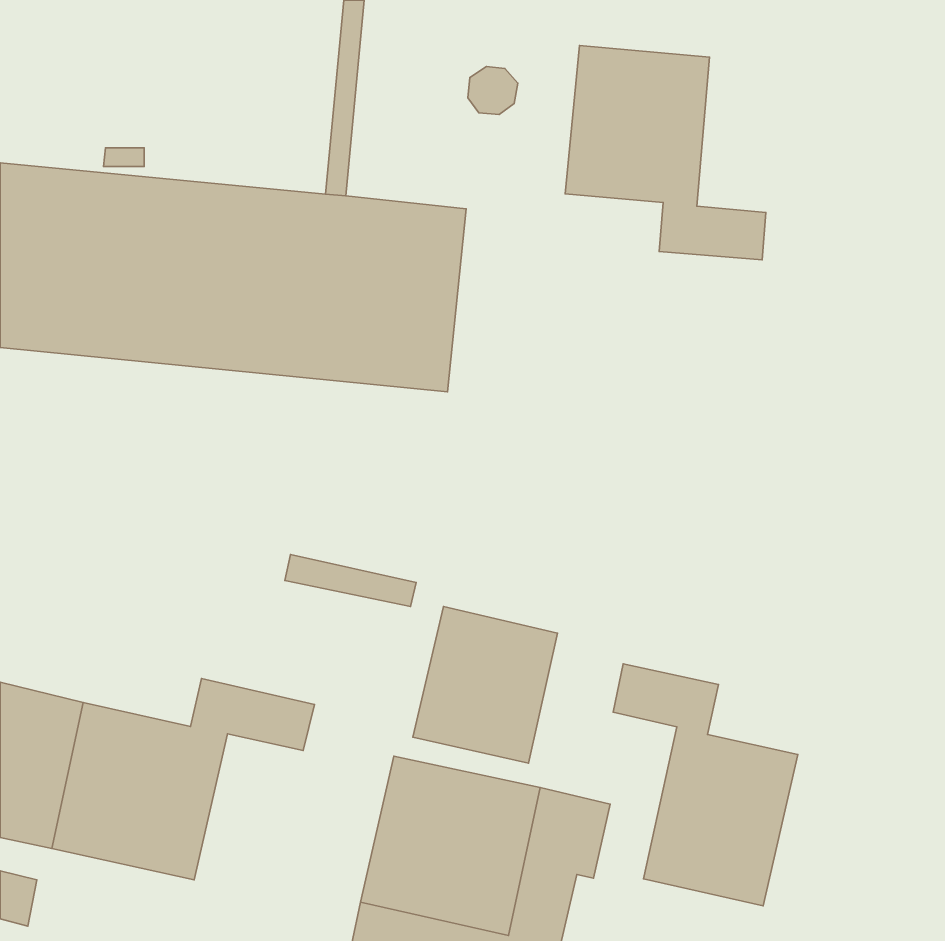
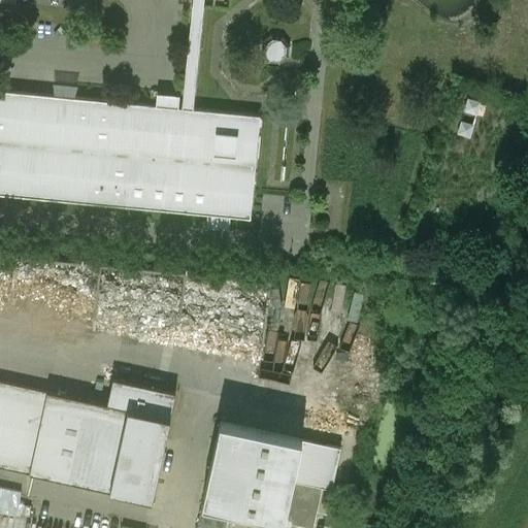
building: [565,45,766,260] -> none
building: [413,606,558,763] -> none
building: [613,664,798,906] -> none
building: none -> [108,411,169,502]

